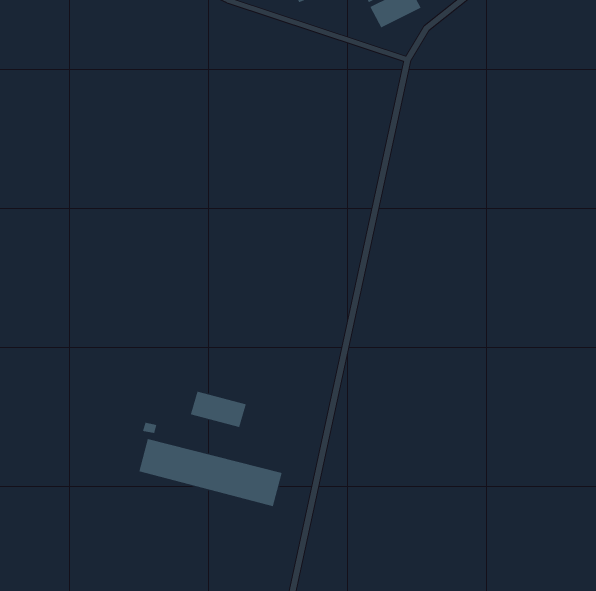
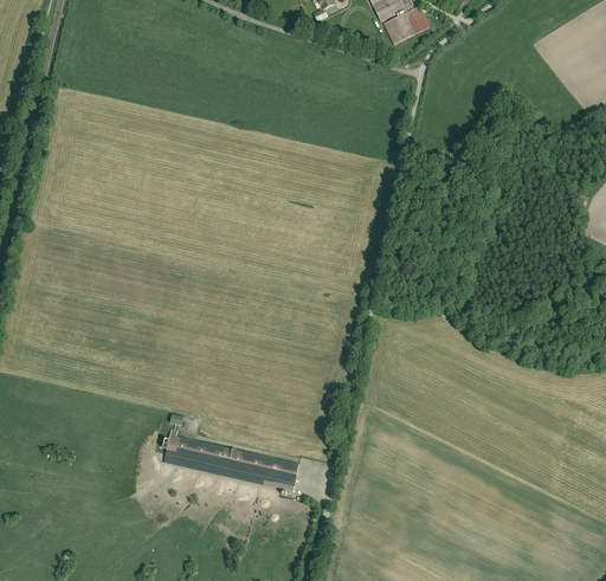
building: [190,391,246,428] -> none

